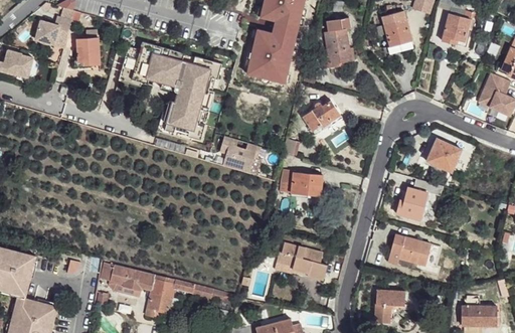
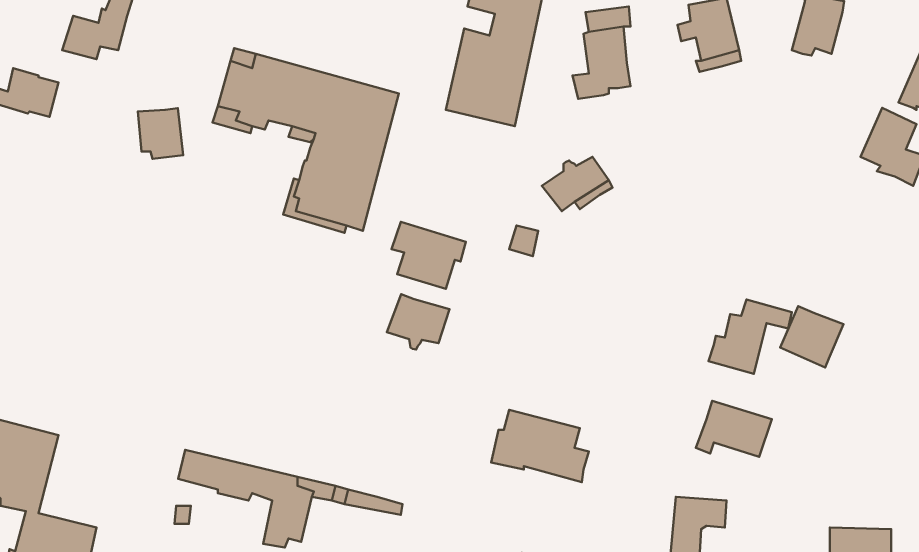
building: [76,38,102,66] -> [138,108,183,159]
building: [425,138,461,172] -> [780,306,843,367]
building: [291,172,321,194] -> none
building: none -> [387,294,450,349]

